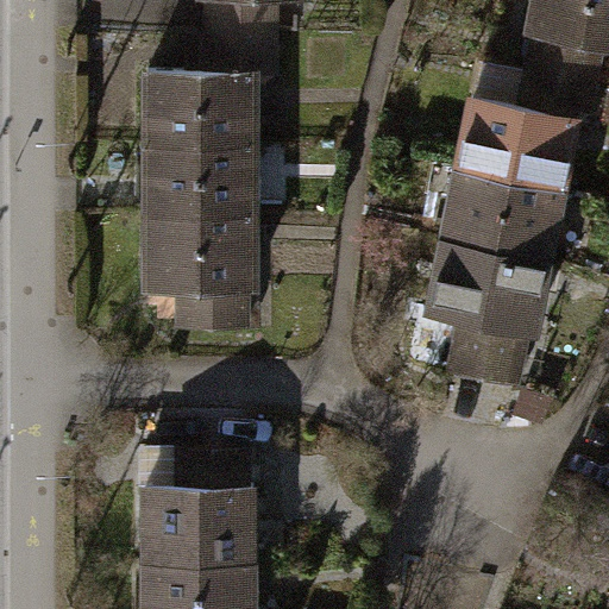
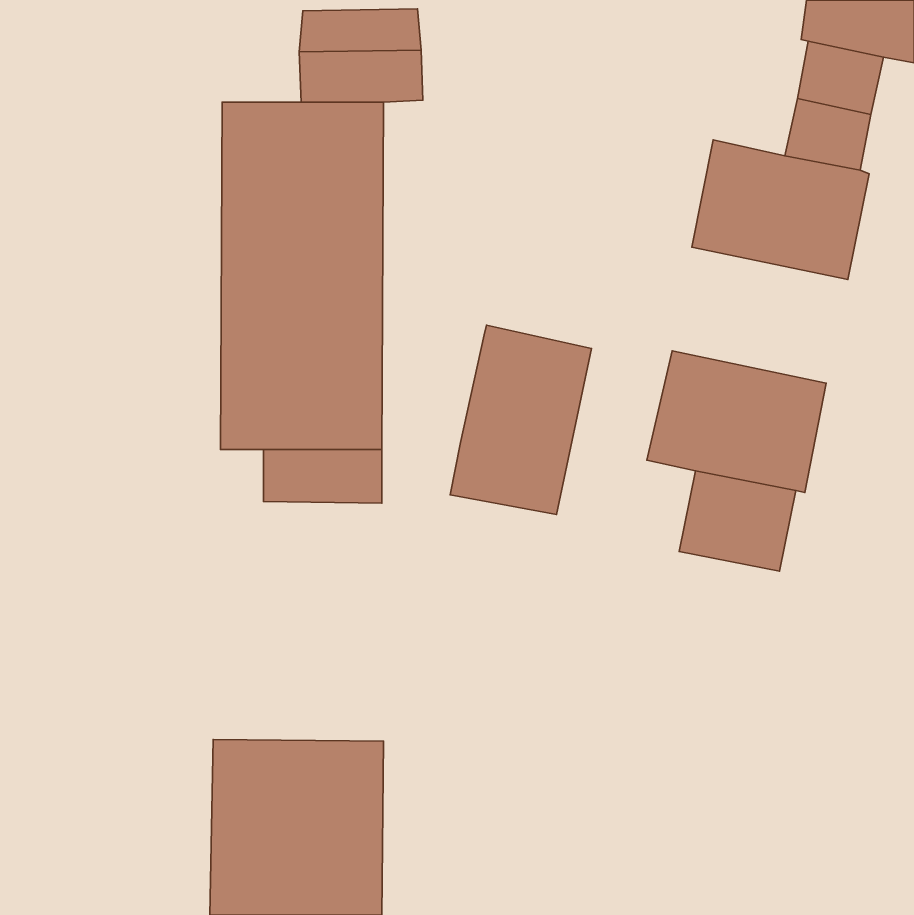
building: [446,164,563,255] -> none
building: none -> [450,325,591,515]

